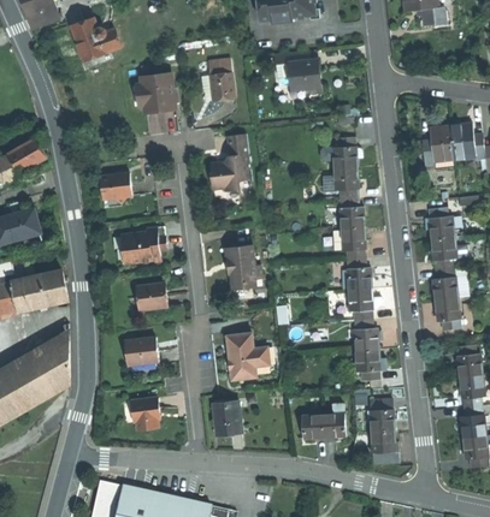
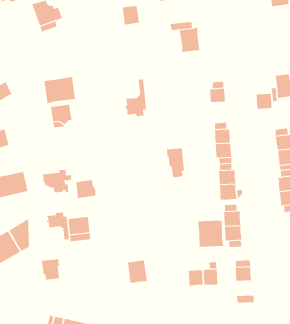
building: [206,72,232,101] -> [122,5,140,25]
building: [138,73,175,112] -> none
building: none -> [44,76,76,104]
building: [333,168,358,192] -> [256,93,272,110]
building: [122,227,165,262] -> [42,169,72,193]
building: [224,245,252,290] -> [166,148,185,178]
building: none -> [46,212,70,240]
building: [225,333,260,379] -> none
building: none -> [198,220,224,247]
building: [130,398,158,429] -> [41,259,60,280]
building: [371,430,396,453] -> none

